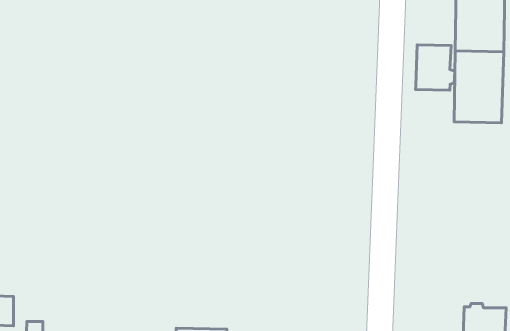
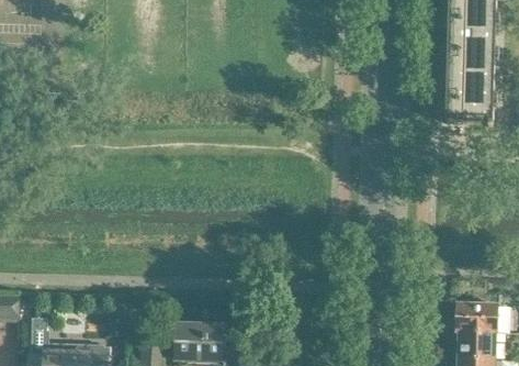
building: [416,45,455,90] -> none

